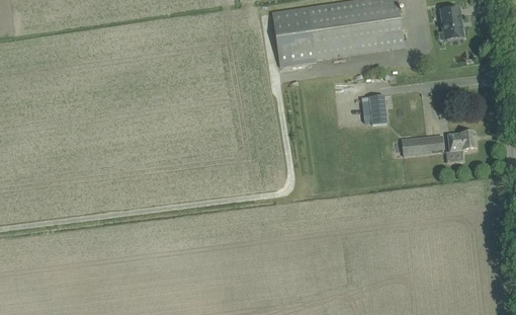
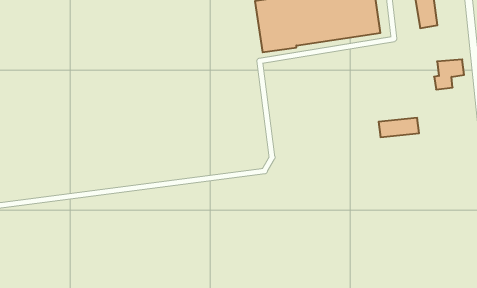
building: [361,95,386,124] -> none
building: [445,132,477,163] -> [434,59,464,89]

